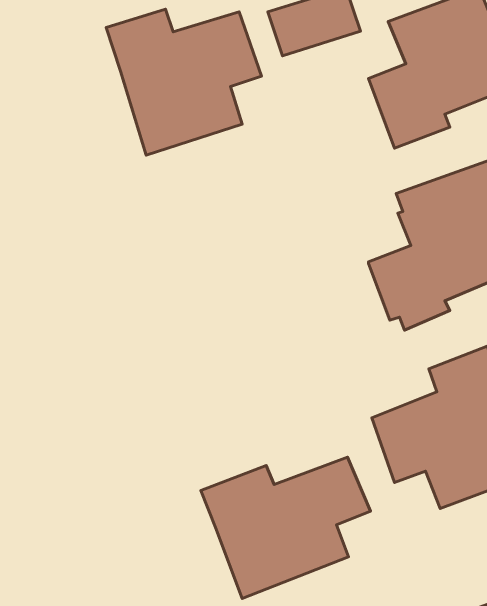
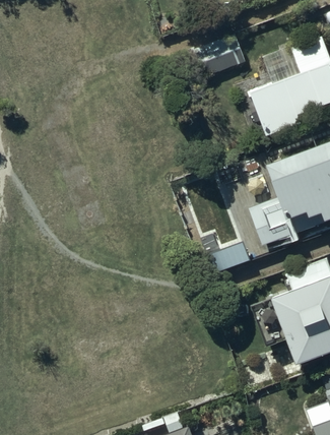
building: [106,9,261,155] -> none
building: [201,457,371,599] -> none

